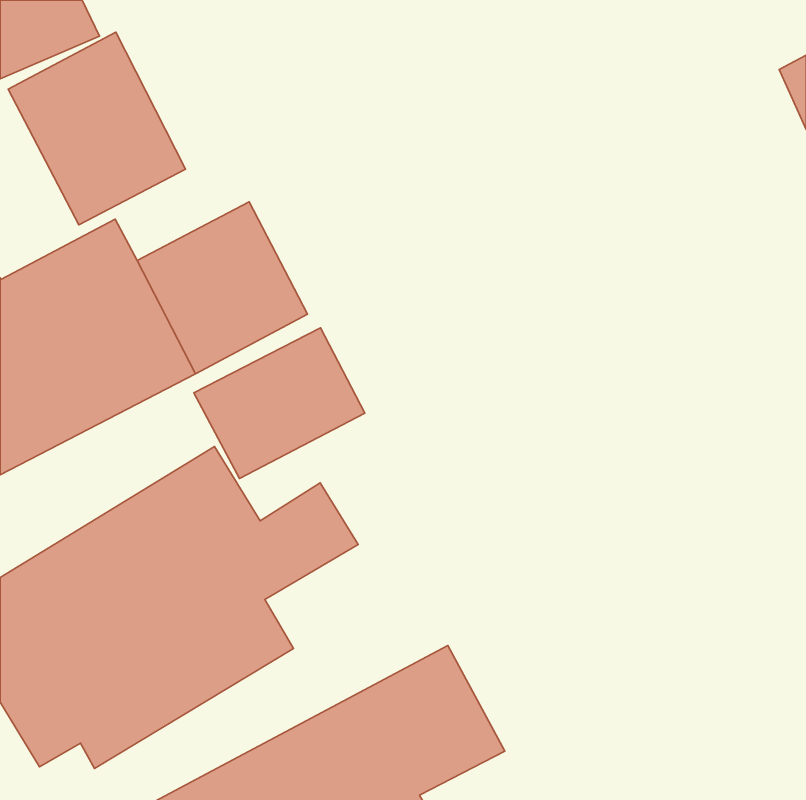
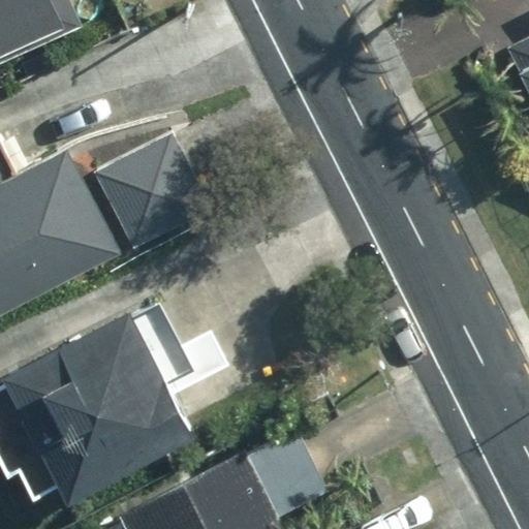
building: [8,32,186,225] -> none
building: [194,328,365,479] -> none

